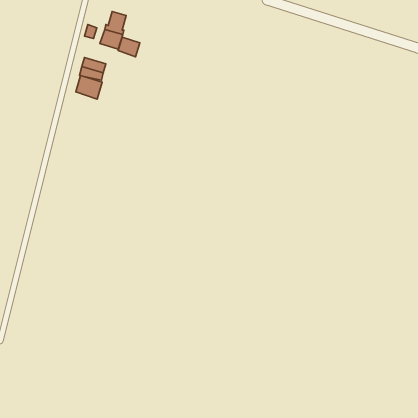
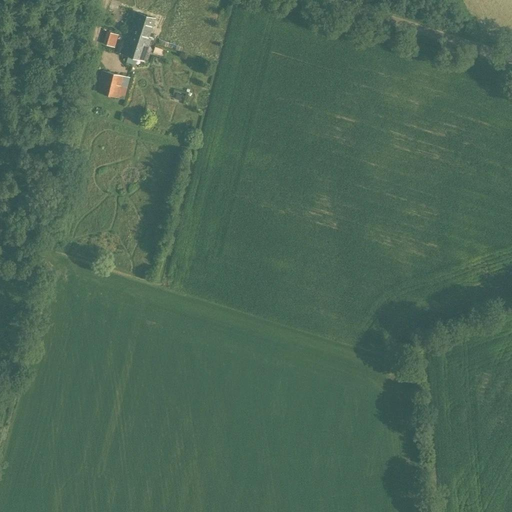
building: [118,37,140,57] -> none
building: [76,76,102,99] -> none

